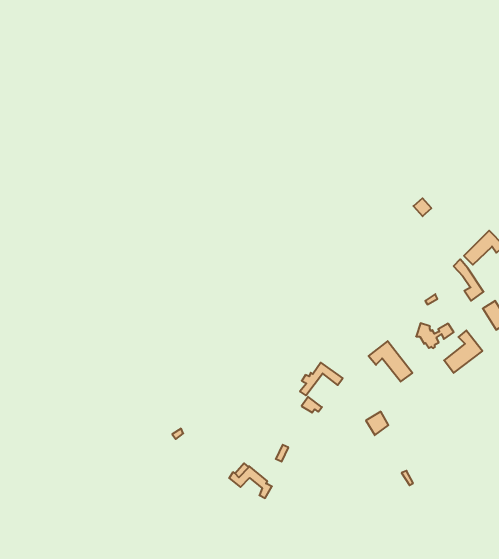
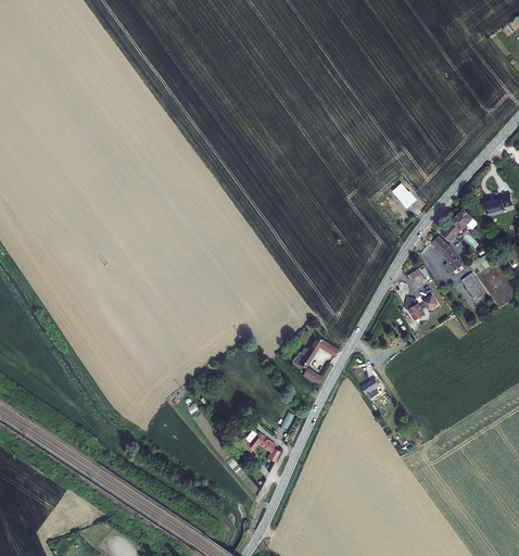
building: [444,330,482,373] -> none
building: [369,341,412,382] -> none

